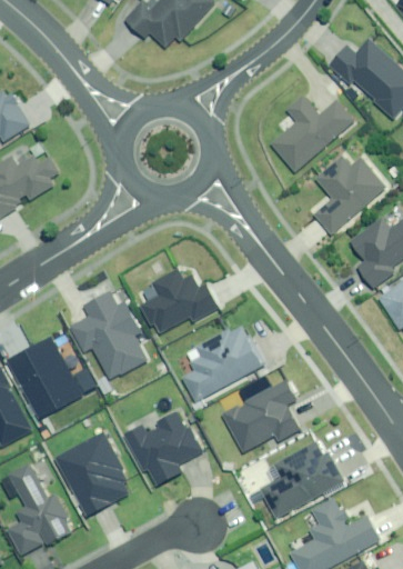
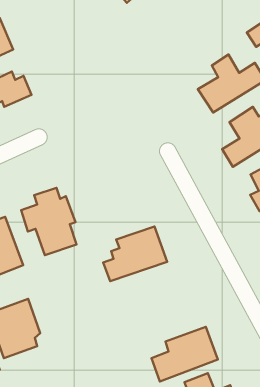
building: [141,264,219,333] -> none
building: [224,380,301,451] -> none
building: [123,411,202,487] -> none

